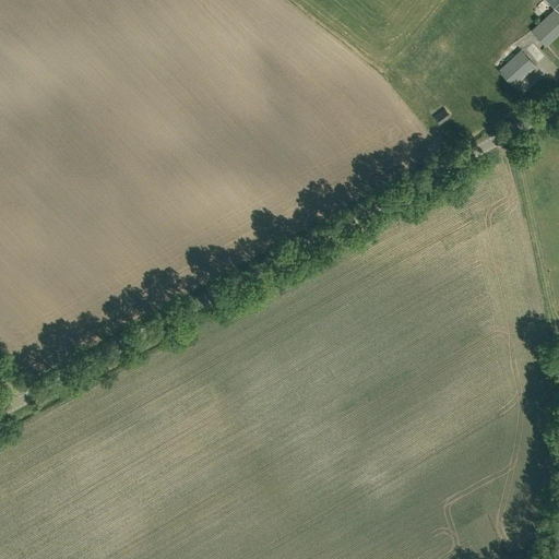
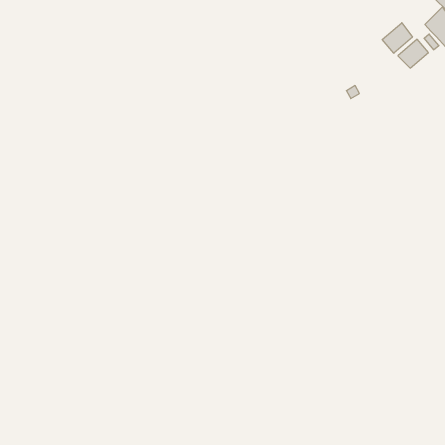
building: none -> [382,23,412,53]

